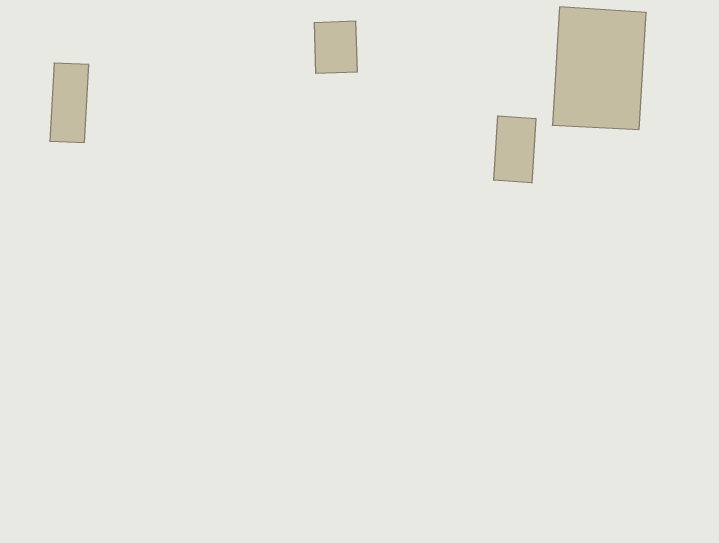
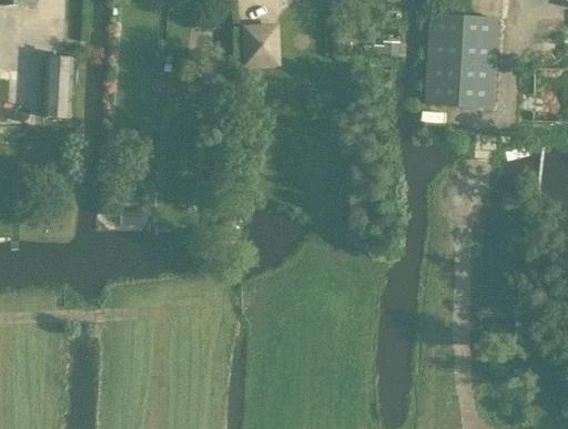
building: [494,116,536,183] -> none

